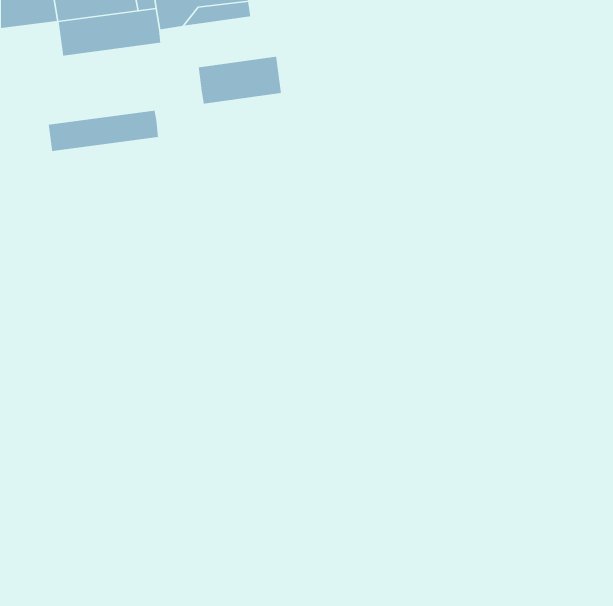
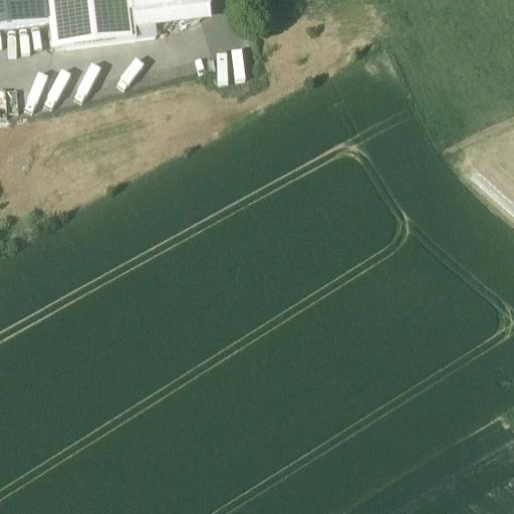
building: [198,56,282,105] -> none
building: [48,110,159,152] -> none

